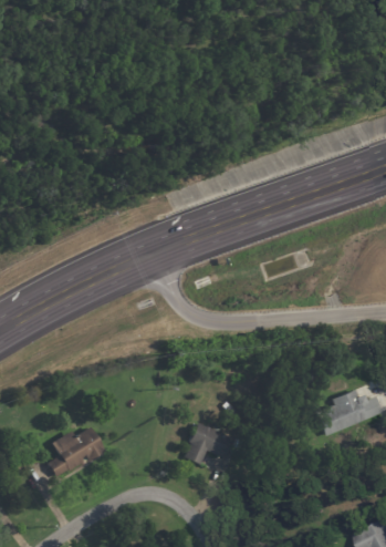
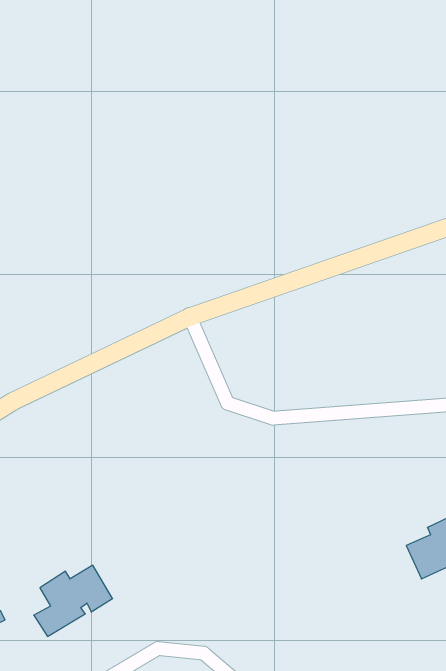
building: [184,424,230,465] -> none

